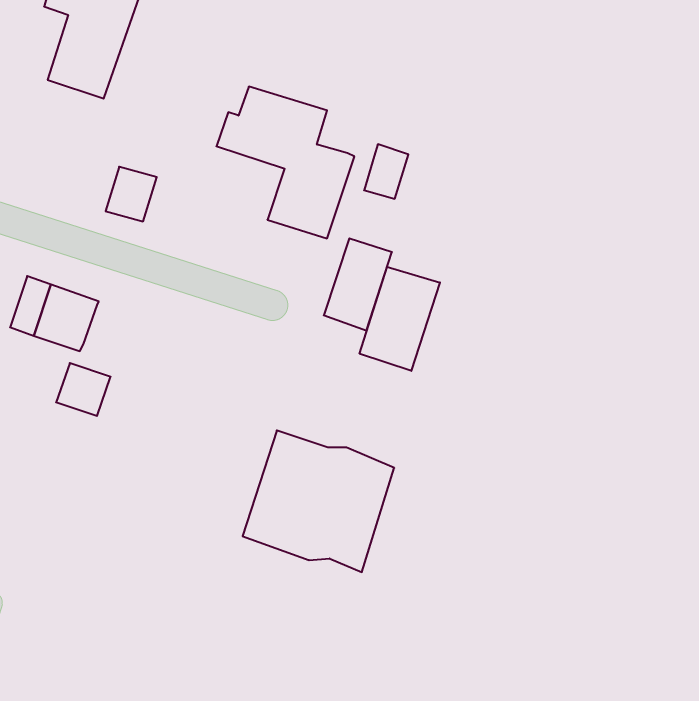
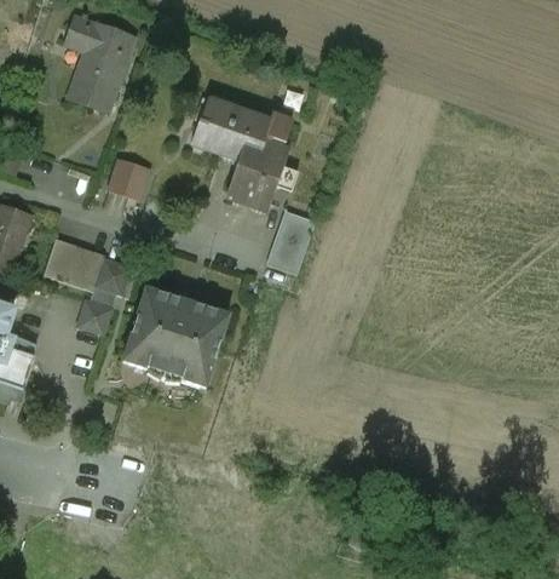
building: [364,144,408,199] -> [260,109,292,148]
building: [360,267,440,371] -> none
building: none -> [94,256,131,293]
building: [243,430,394,572] -> [121,286,229,386]

